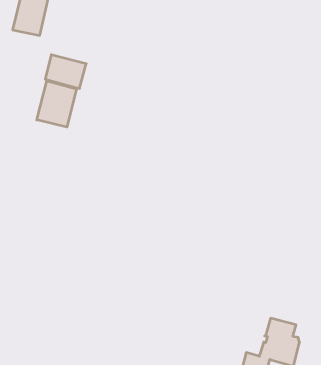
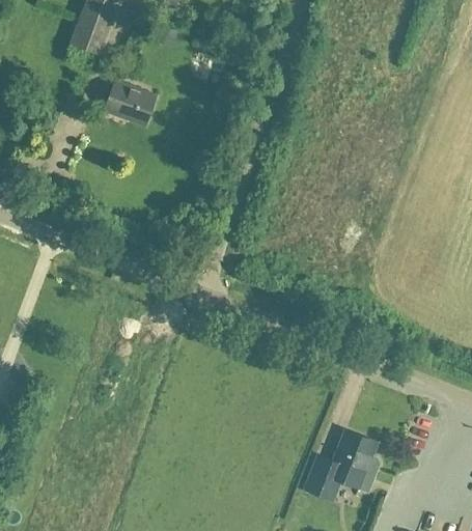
building: [37,81,76,127] -> none

